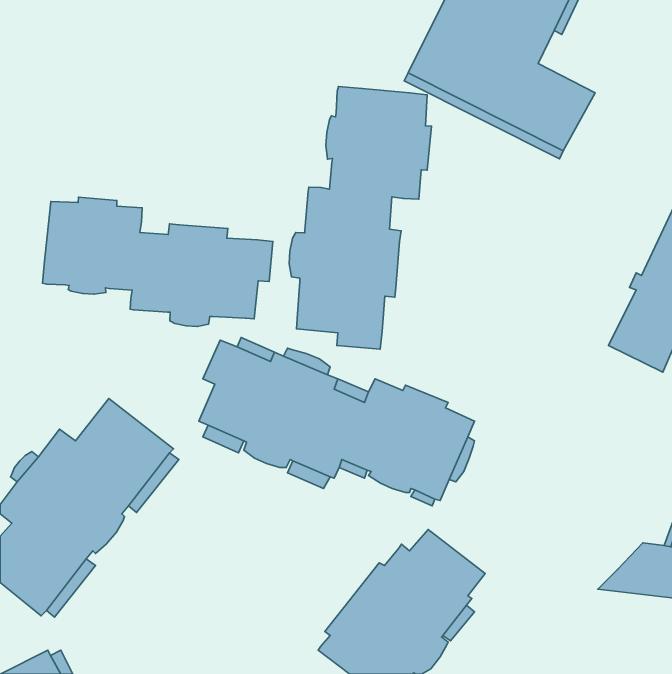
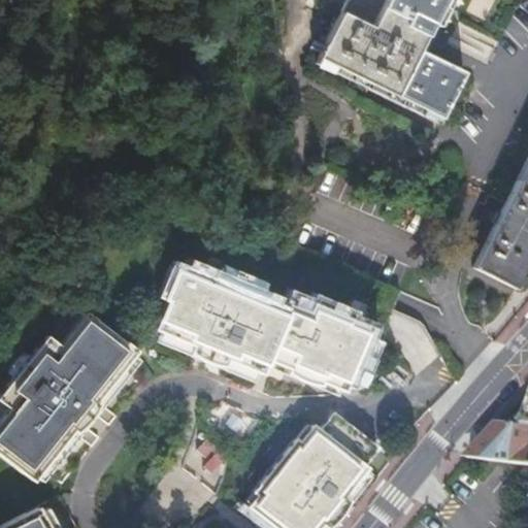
building: [289,86,432,349] -> none
building: [42,197,273,326] -> none

